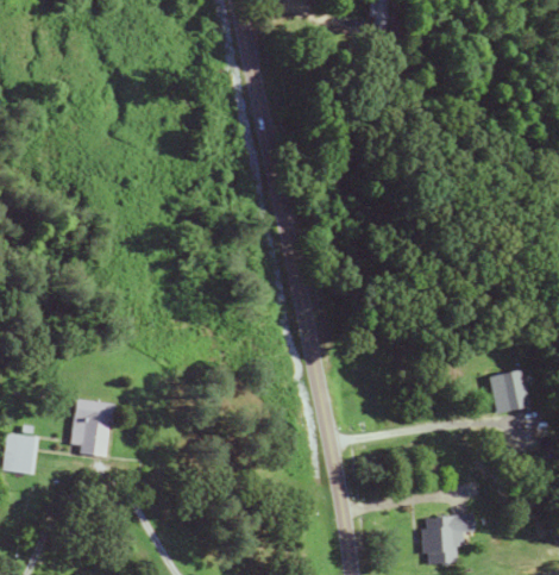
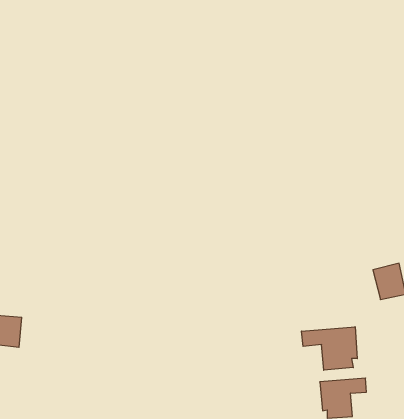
building: [73,400,109,456] -> none
building: none -> [302,327,357,370]

